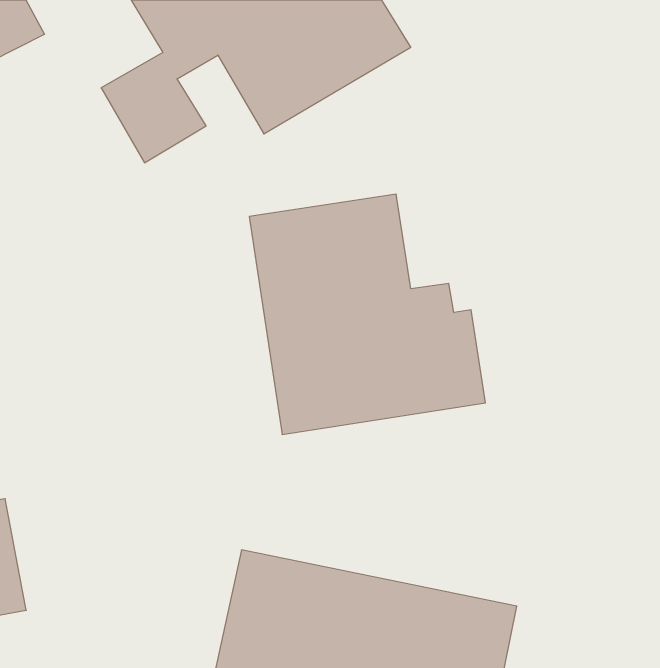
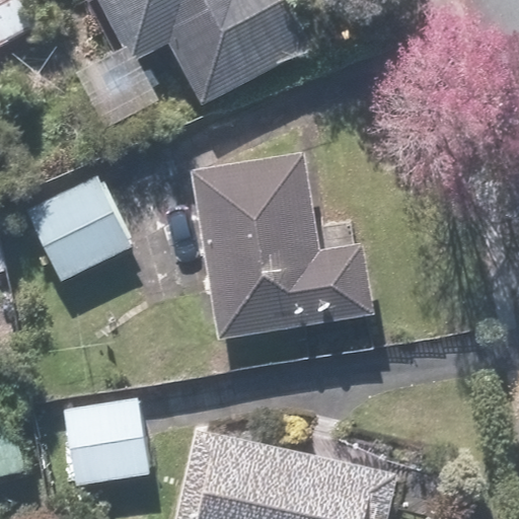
building: none -> [20,173,132,284]
building: none -> [57,391,150,490]

